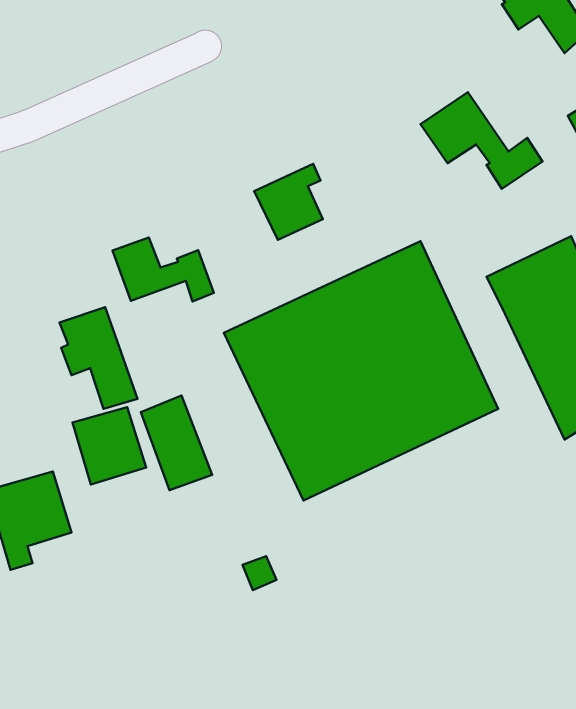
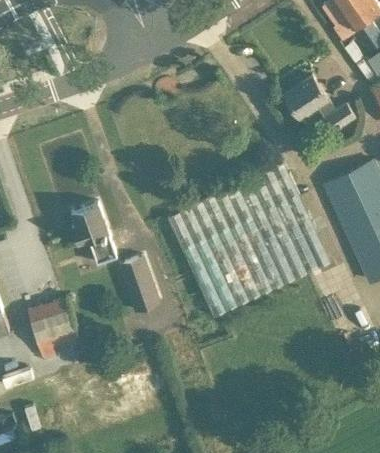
building: [254,164,323,240] -> none
building: [113,238,214,301] -> none
building: [72,407,146,485] -> none

